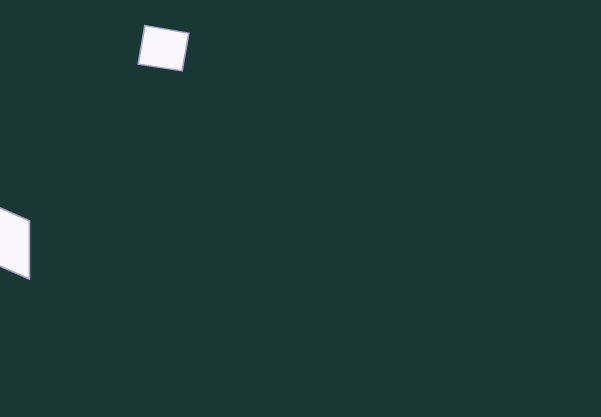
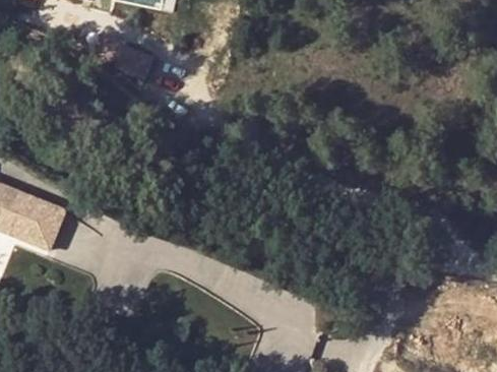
building: none -> [32,197,64,250]

